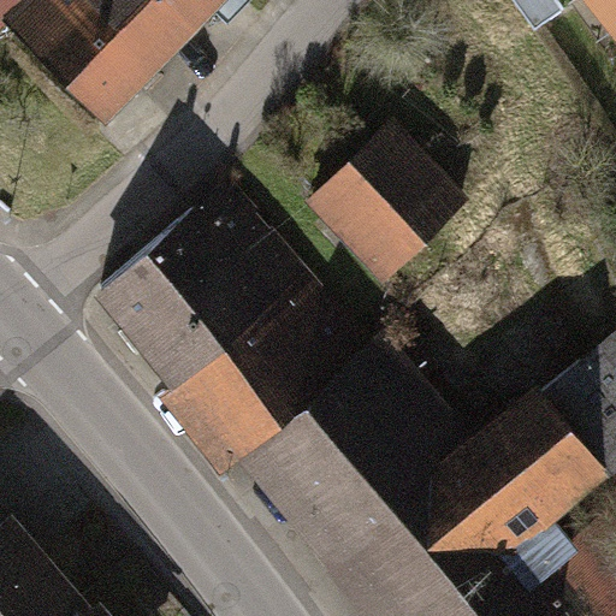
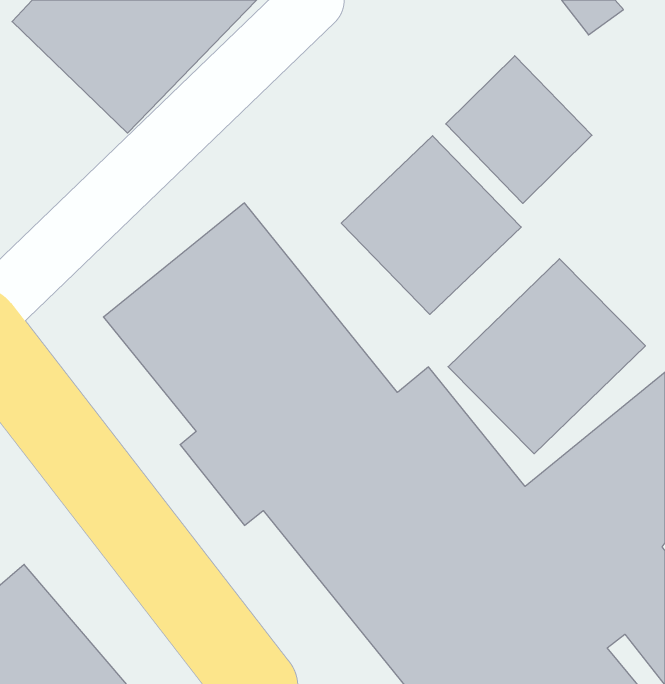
building: none -> [446,56,592,203]
building: none -> [448,259,645,454]

